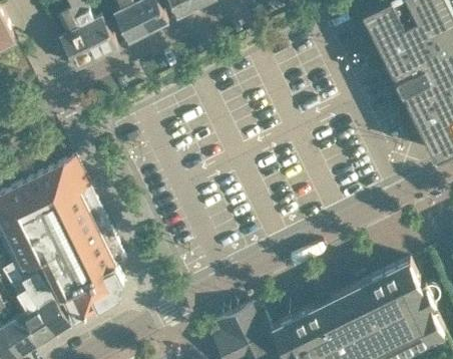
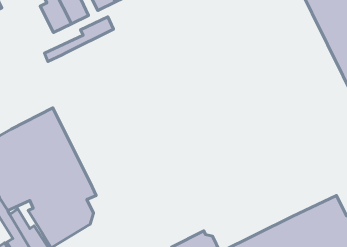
building: none -> [45,17,113,61]

